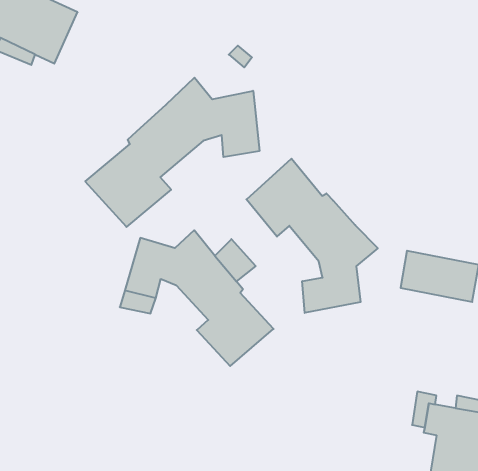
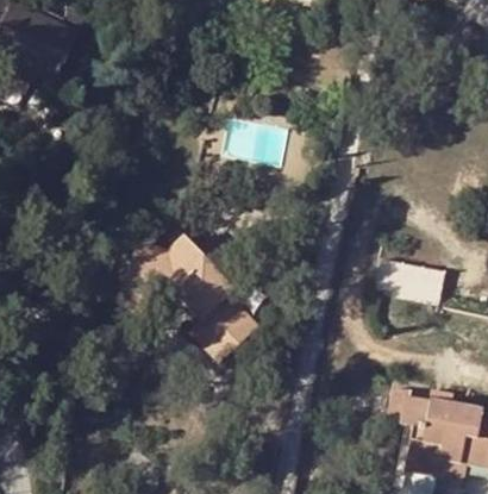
building: [85,78,259,227] -> none
building: [246,159,378,313] -> none

